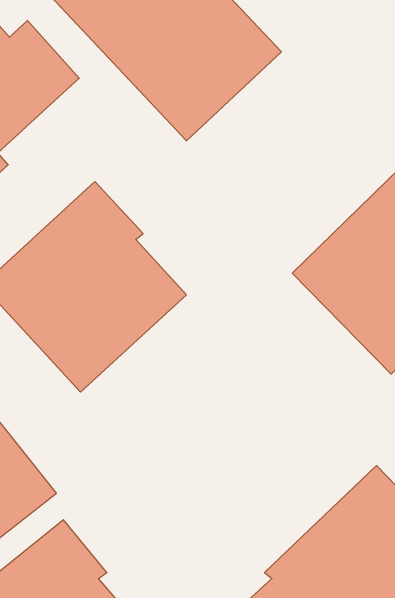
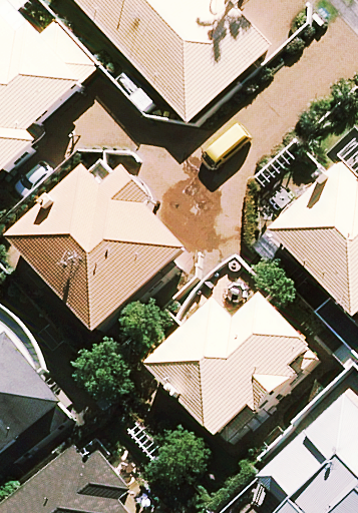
building: none -> [146,295,313,439]

